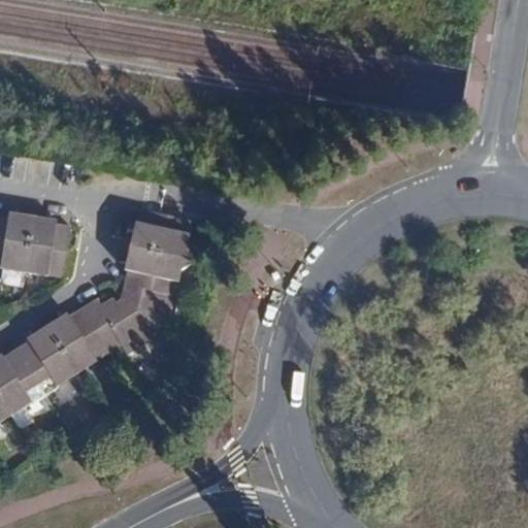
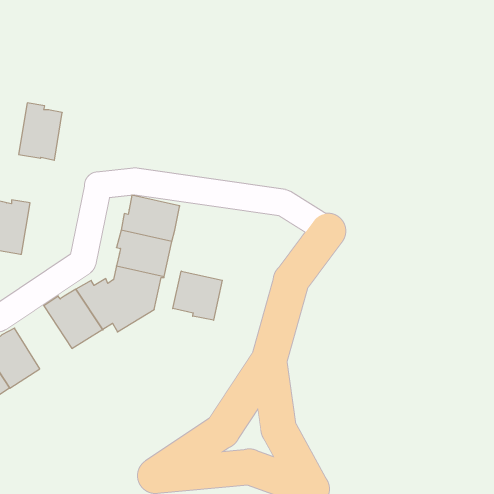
building: [23,216,69,276] -> [19,103,62,160]
building: none -> [173,271,222,320]
building: [15,325,76,392] -> none

